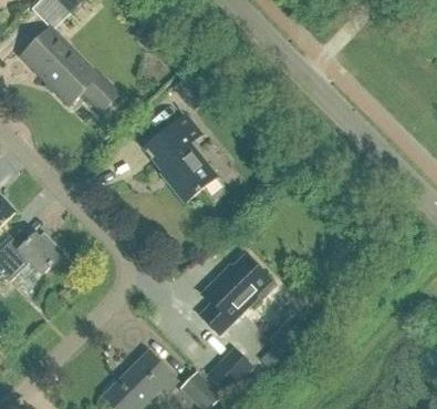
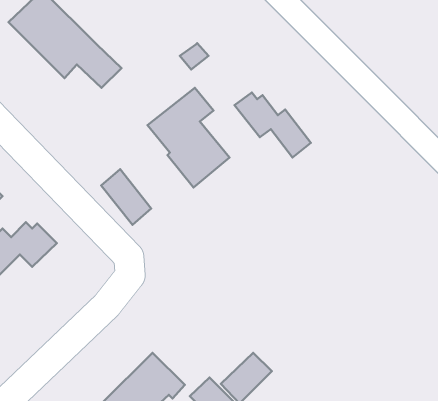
building: none -> [235,92,311,158]
building: none -> [101,169,151,225]
building: [199,254,273,333] -> none

